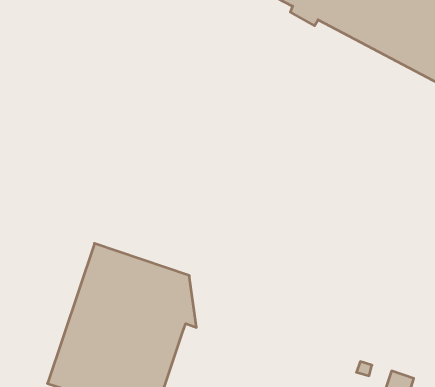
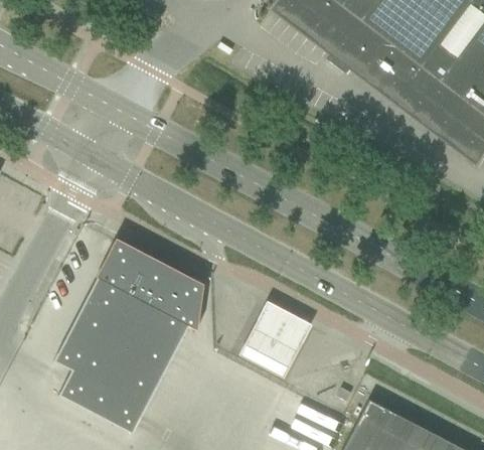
building: none -> [235,307,311,387]

